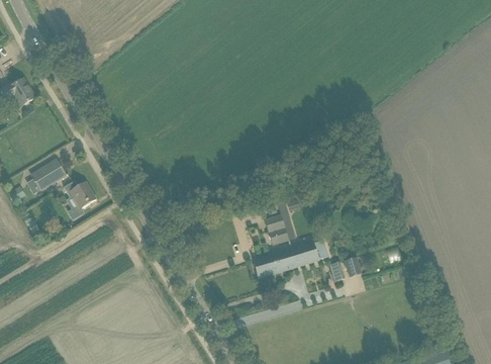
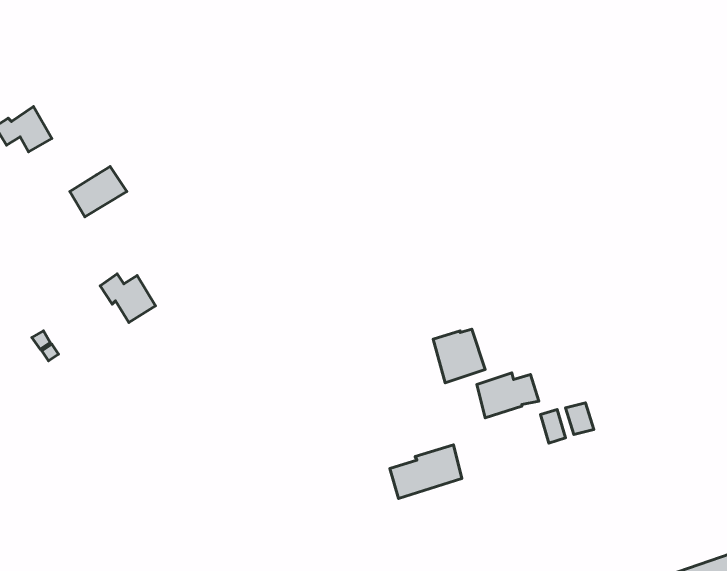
building: [31,159,66,189] -> [70,167,127,217]
building: [253,246,296,278] -> [390,445,462,499]

